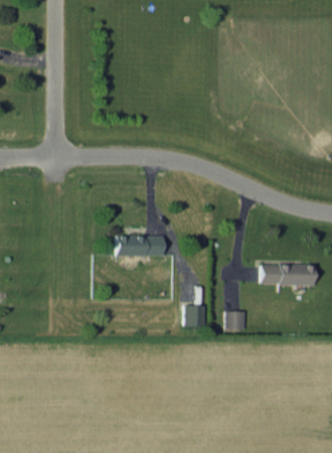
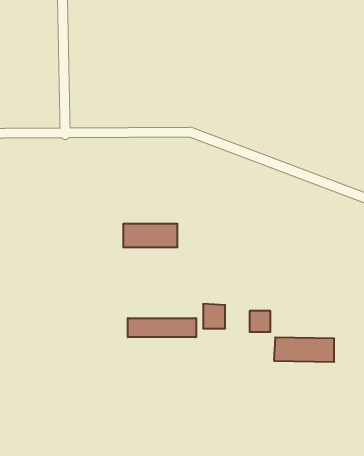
building: [262,264,314,285] -> [274,337,334,362]
building: none -> [128,318,196,337]

